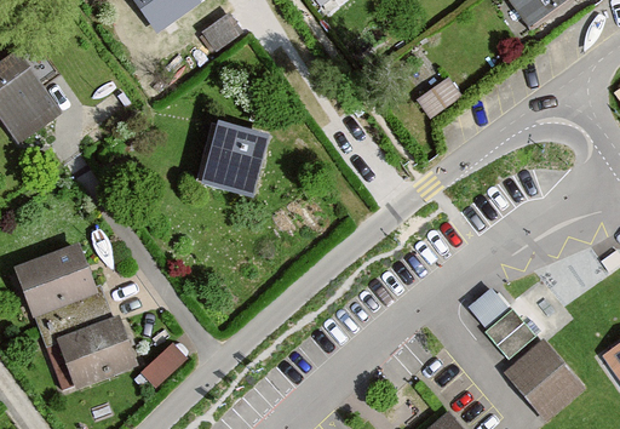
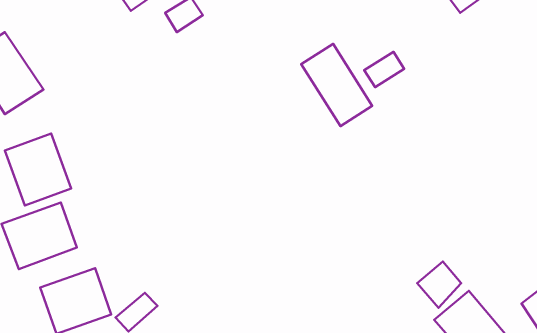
building: none -> [301,44,372,126]
building: [202,122,271,198] -> none
building: none -> [5,133,71,206]

